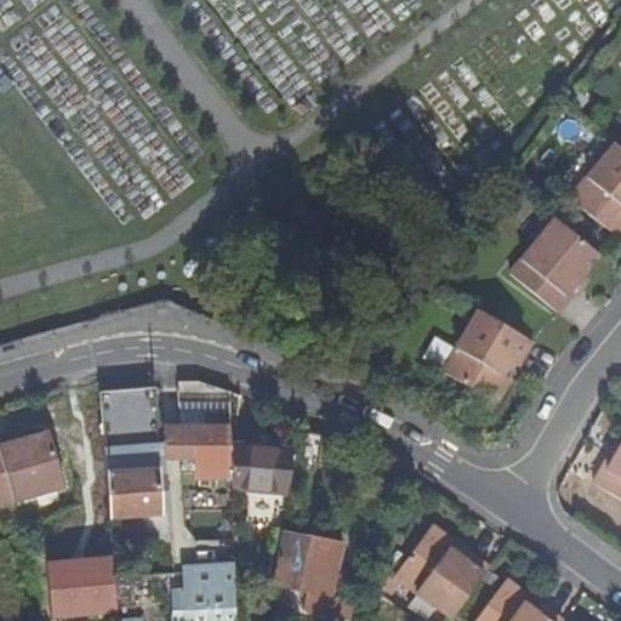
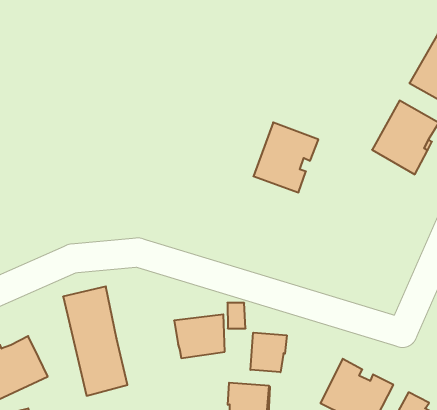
building: [444,312,531,403] -> [253,122,318,192]
building: [163,389,232,473] -> none
building: none -> [250,333,287,372]

